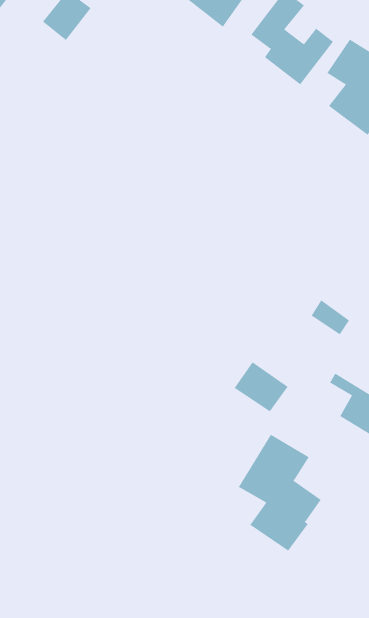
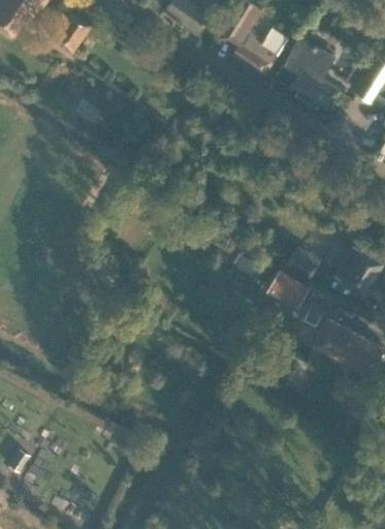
building: [234,361,289,412] -> [269,269,314,309]
building: [238,434,322,552] -> none

